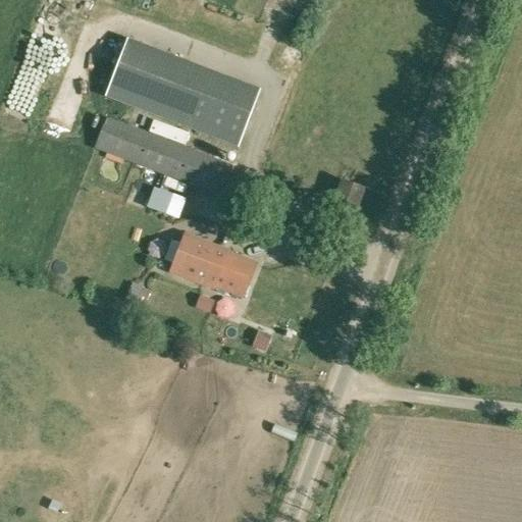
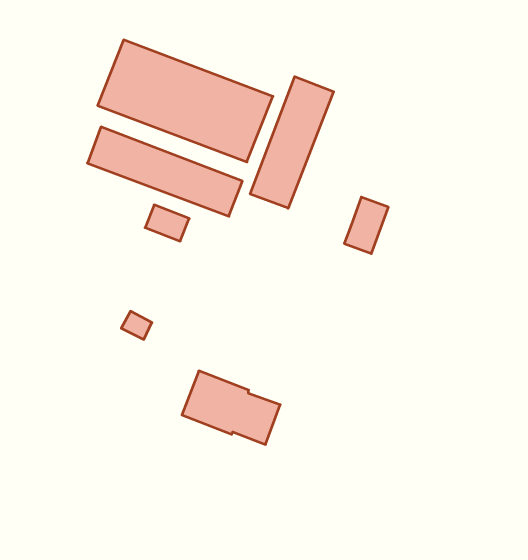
building: none -> [250,77,334,208]
building: [169,231,258,298] -> [182,371,280,444]

